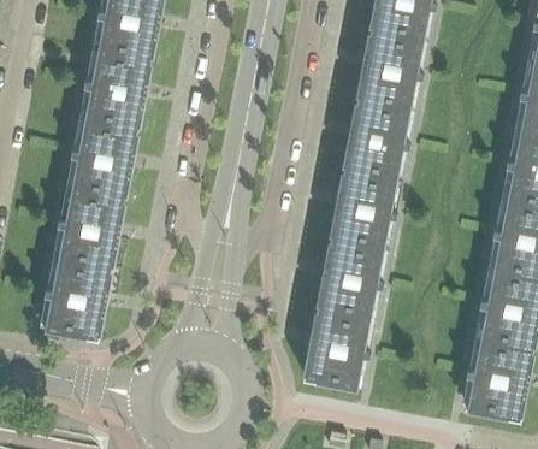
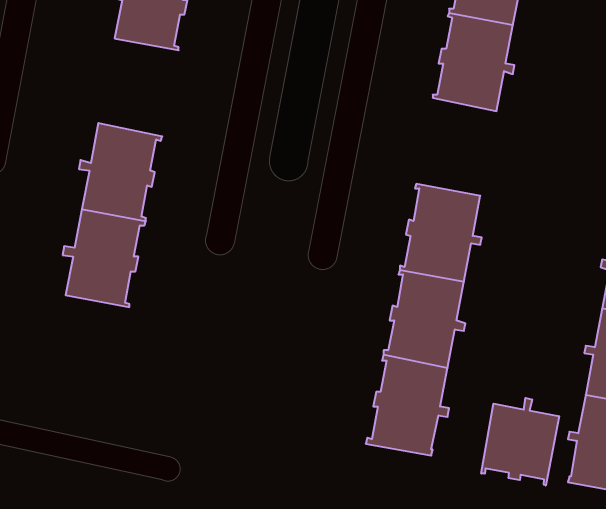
building: [84,49,152,129] -> none
building: [344,98,410,177] -> none
building: [45,258,112,338] -> none
building: none -> [481,398,559,486]

